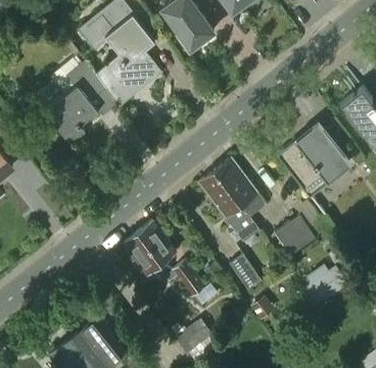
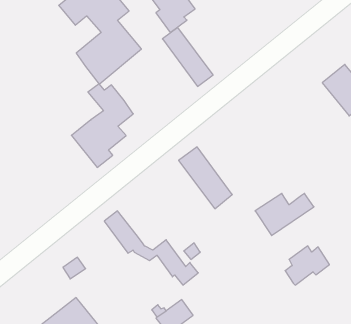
building: [45,60,106,143] -> [71,84,133,167]
building: [277,124,351,197] -> none
building: [217,158,267,217] -> [162,28,213,86]
building: [138,222,176,265] -> none
building: [230,255,262,291] -> none

